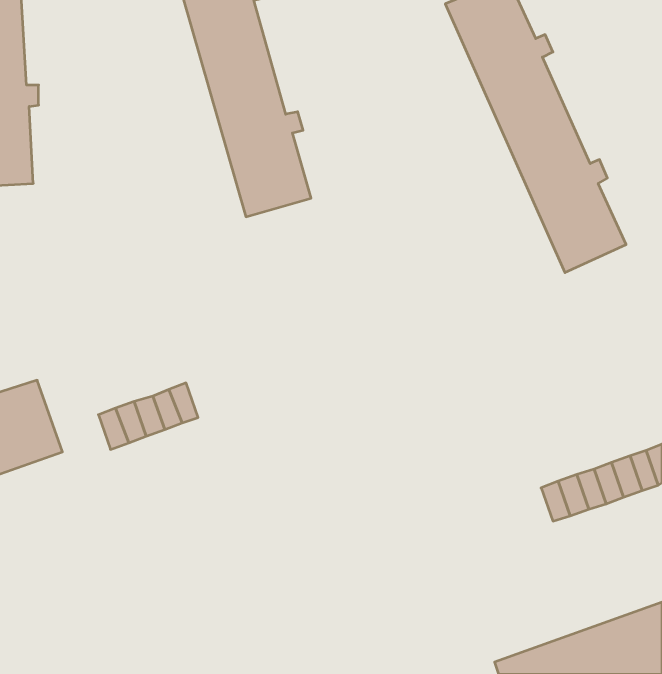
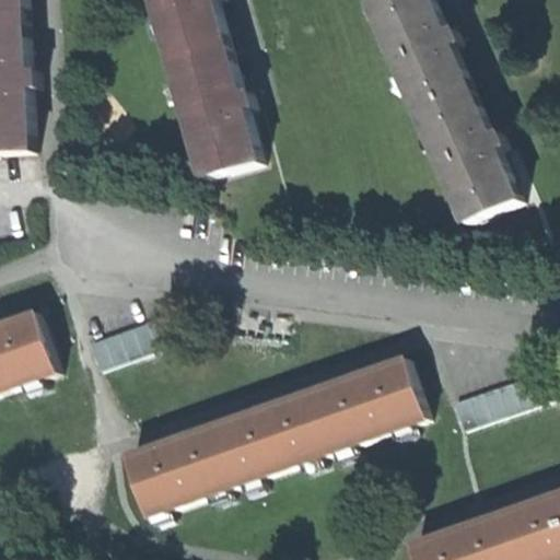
building: none -> [124,358,421,515]

